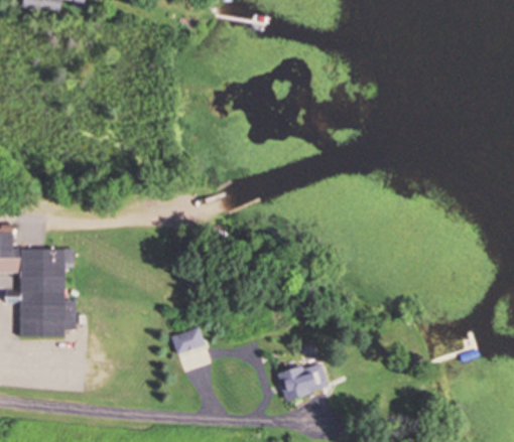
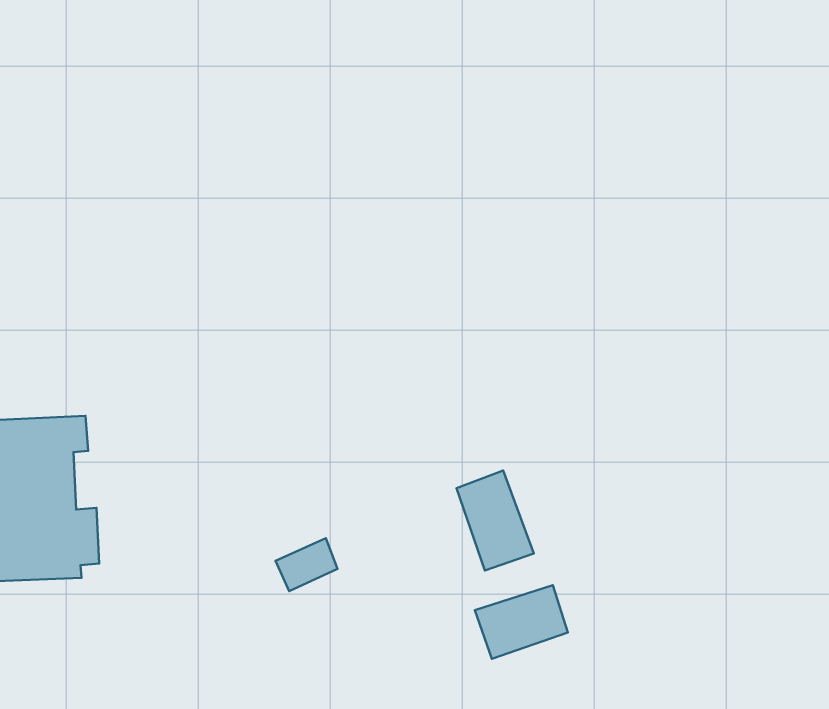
building: none -> [457,471,534,570]

